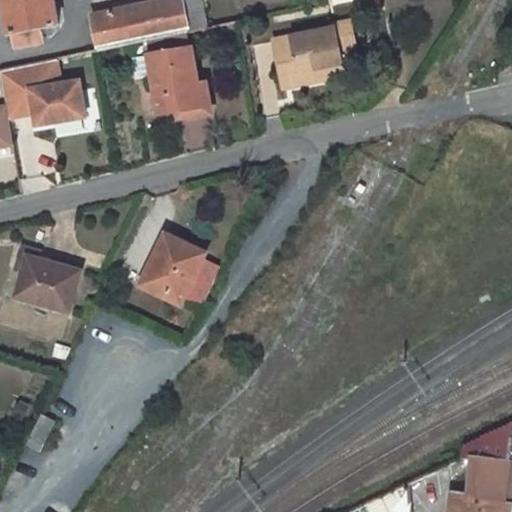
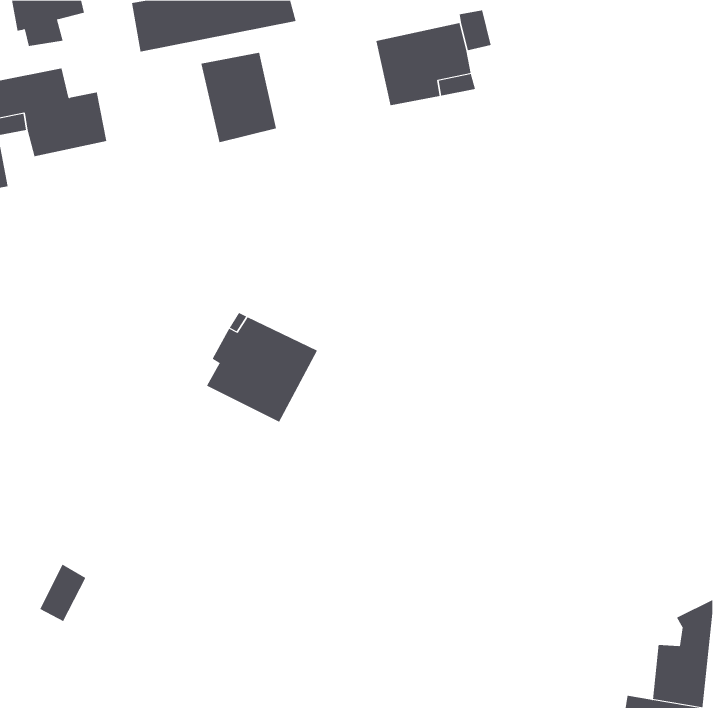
building: [20,250,84,307] -> none

